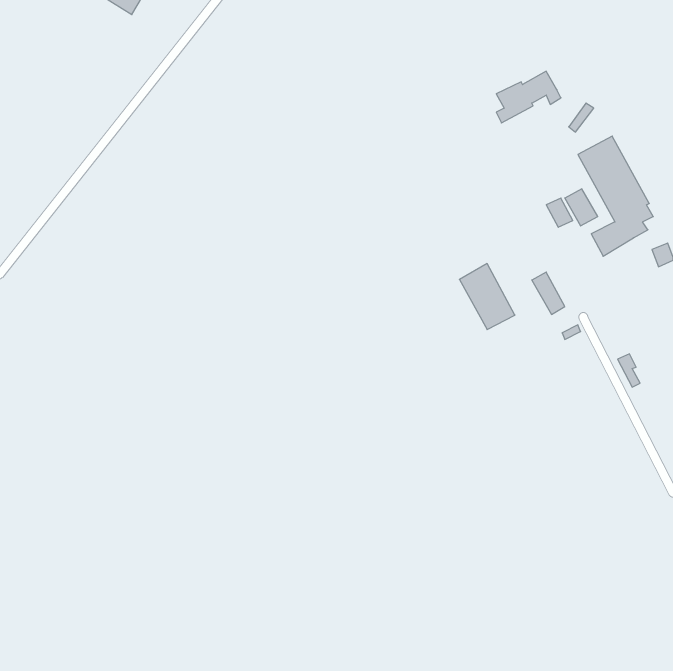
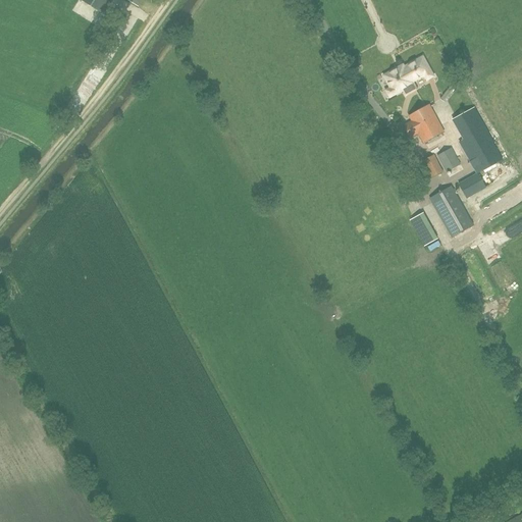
building: none -> [403,103,442,140]
building: [459,264,515,330] -> [429,184,472,234]

